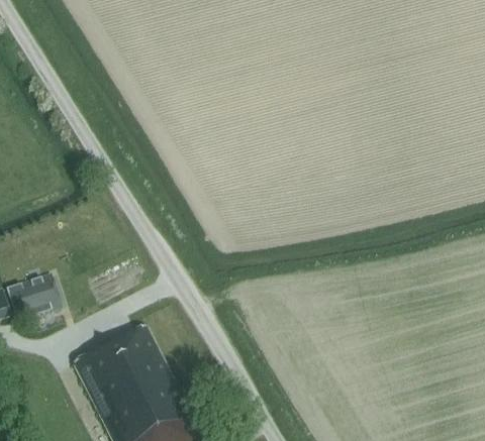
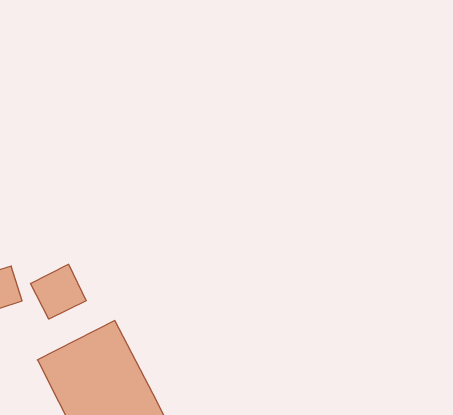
building: none -> [31,264,86,319]

